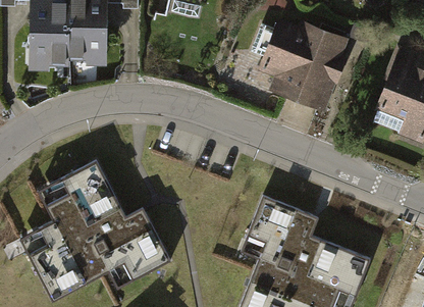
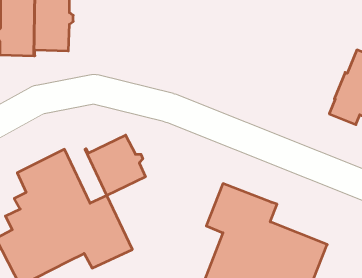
building: [251,22,344,107] -> none
building: none -> [85,135,145,195]

